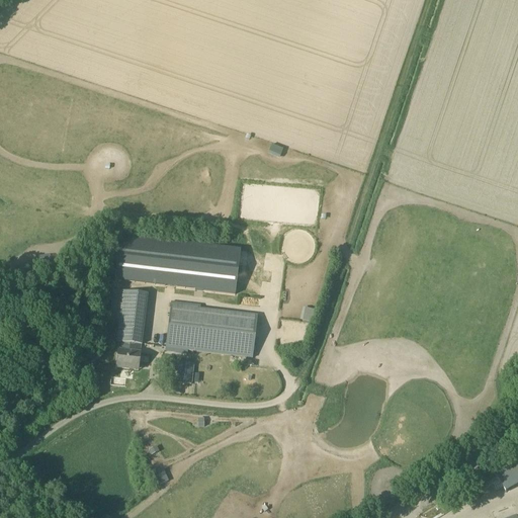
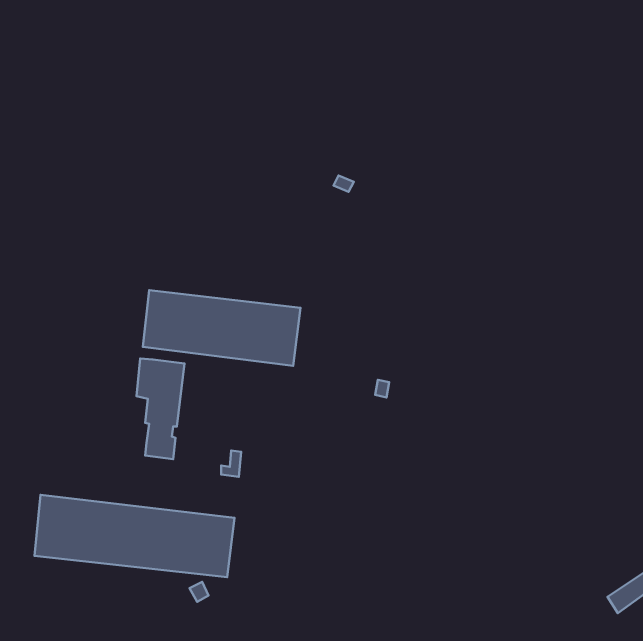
building: [167,299,260,355] -> none
building: none -> [34,495,234,577]

